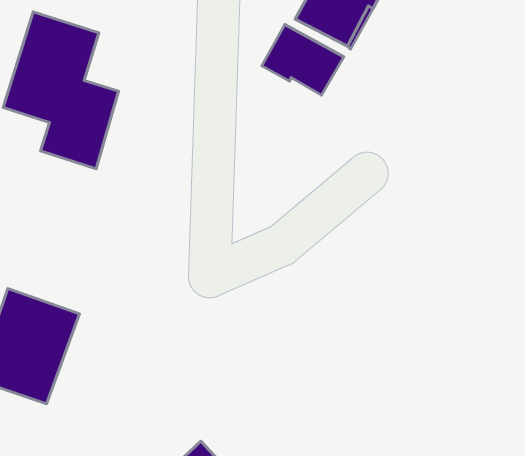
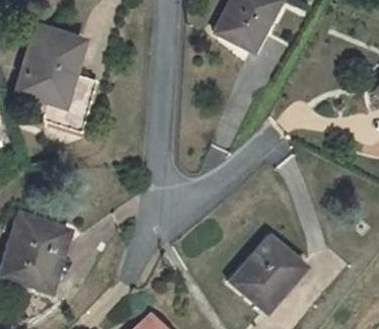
building: [262,24,344,95] -> none
building: none -> [231,236,307,313]

